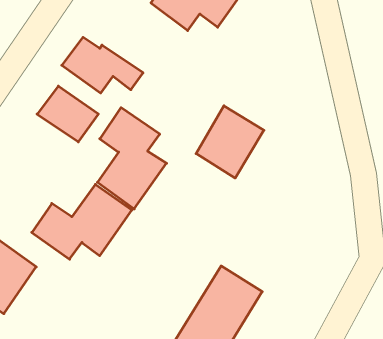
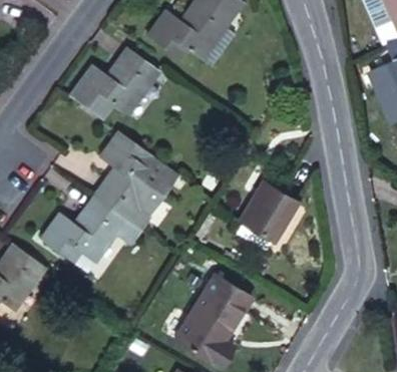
building: [37,86,98,142] -> [103,48,158,98]
building: [196,106,264,178] -> [235,178,296,244]

